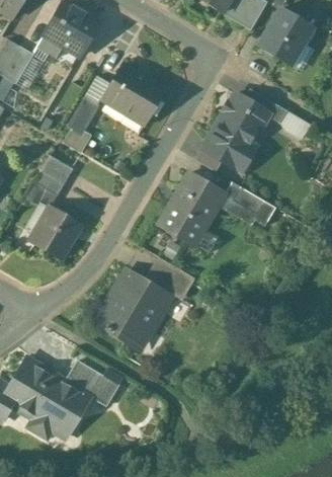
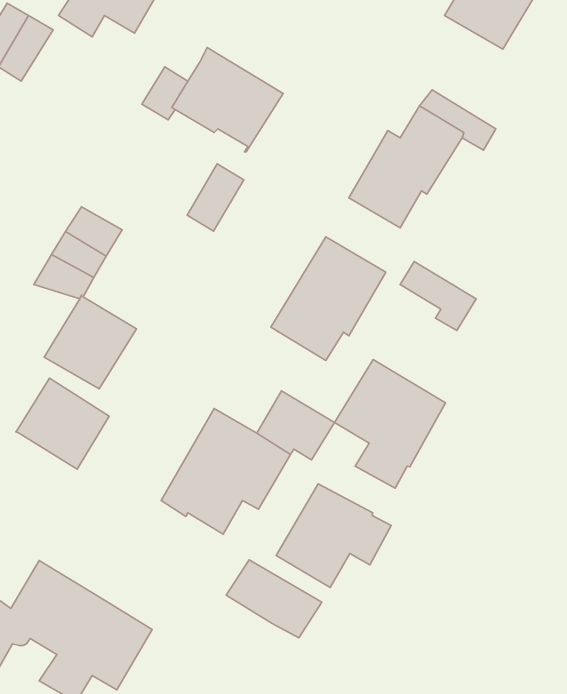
building: [67,97,99,136] -> [187,164,244,231]
building: none -> [335,359,446,488]
building: none -> [16,378,109,469]
building: none -> [276,484,391,587]
building: [64,362,118,406] -> [226,560,322,638]

